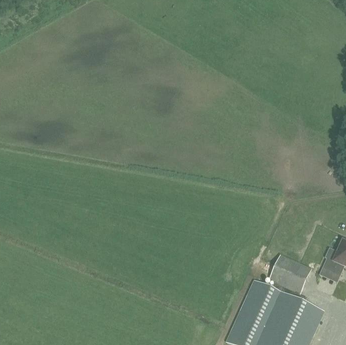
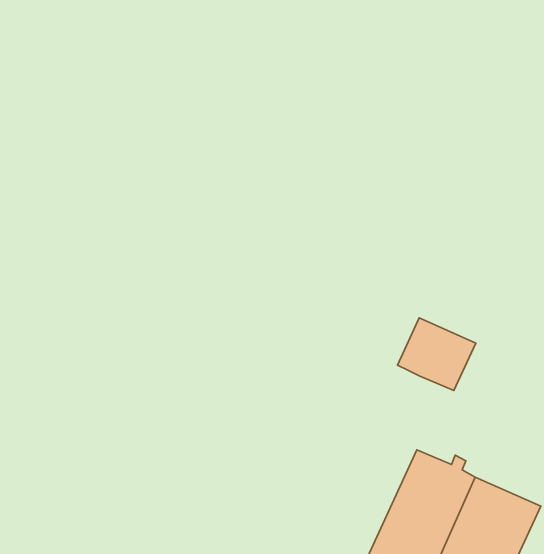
building: [269,253,312,293] -> [397,318,476,391]

